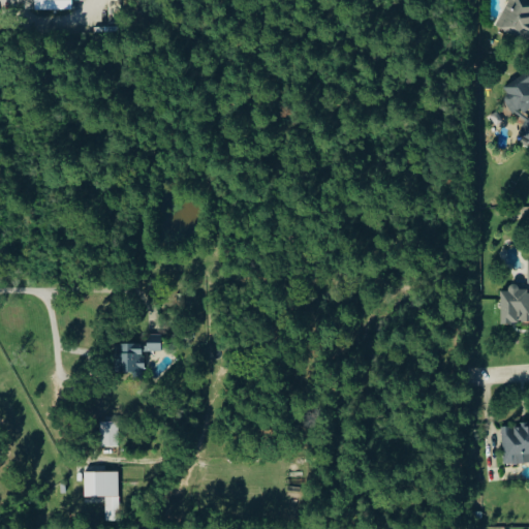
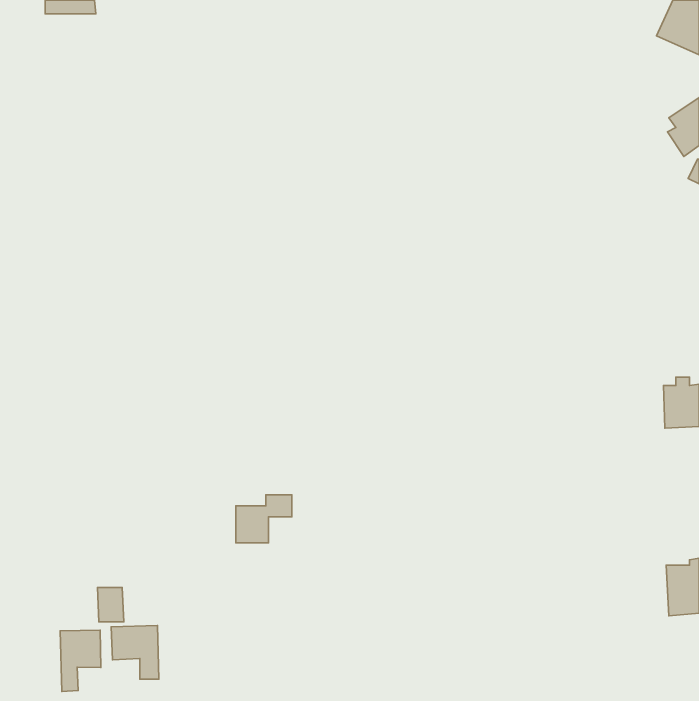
building: [119,334,161,370] -> [236,495,292,543]
building: [100,421,120,446] -> [98,587,124,622]
building: none -> [60,630,101,692]

